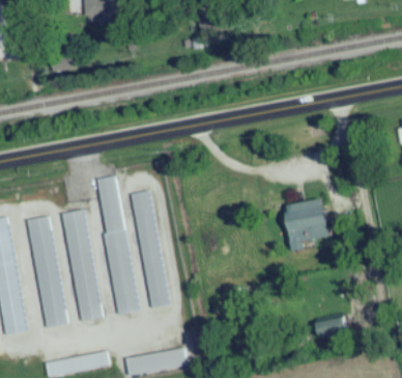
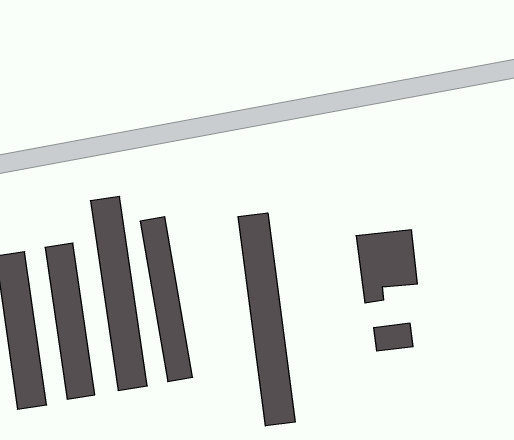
building: none -> [238,213,295,426]
building: [318,319,346,339] -> [374,323,413,351]

